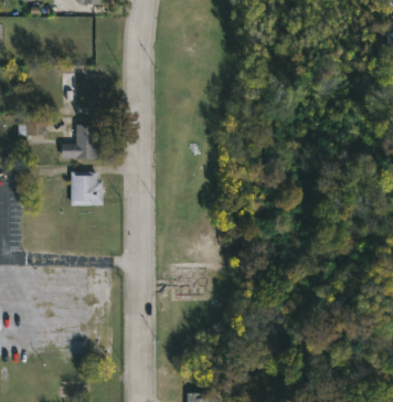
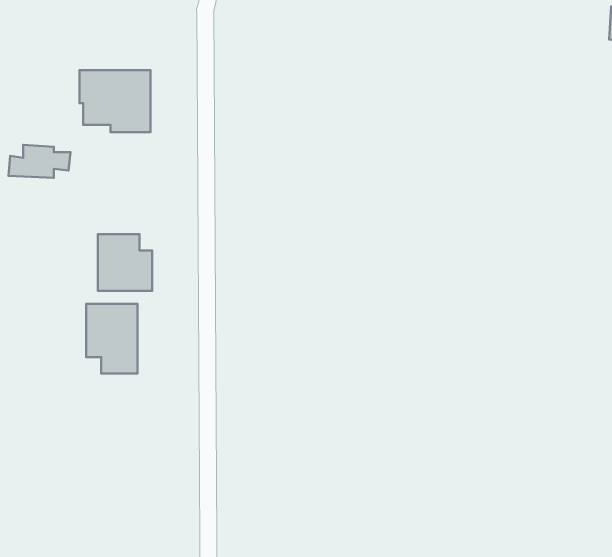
building: [65,124,100,159] -> none
building: none -> [86,304,138,374]

